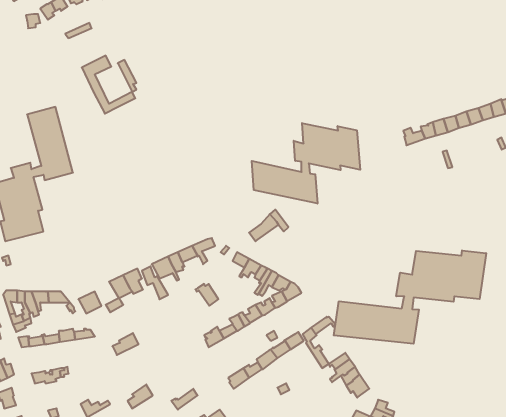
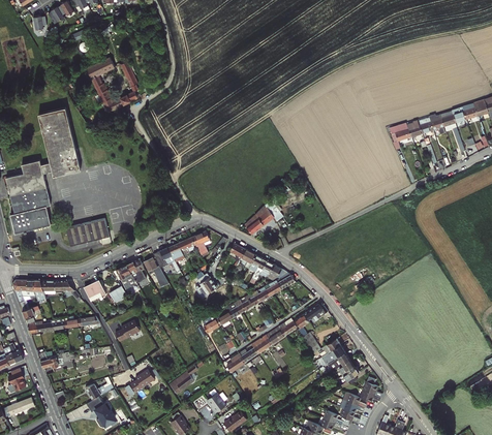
building: [252,123,360,204] -> none
building: none -> [64,217,107,246]
building: [334,250,486,344] -> none

